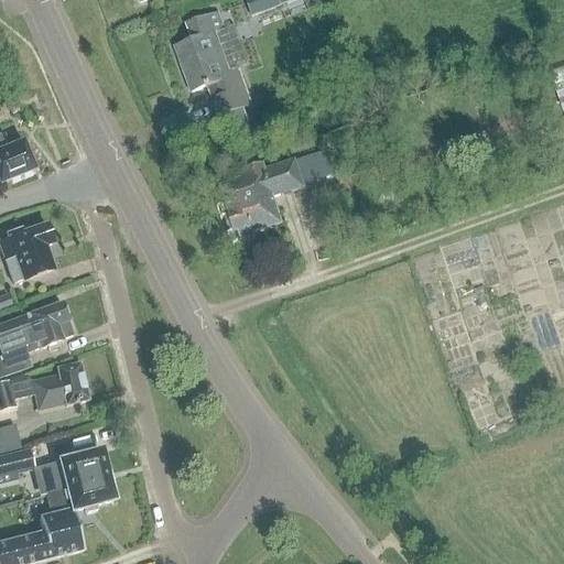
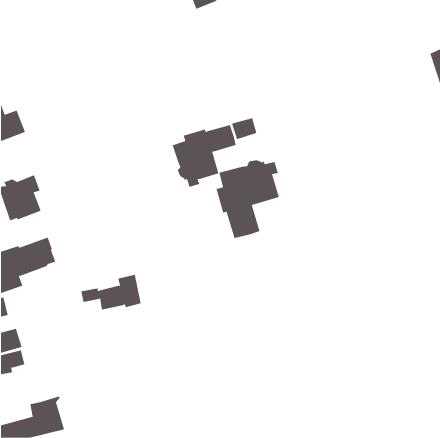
building: [174,10,251,113] -> none
building: none -> [216,160,280,239]
building: [10,361,88,408] -> [80,274,142,310]
building: [40,451,112,512] -> none

